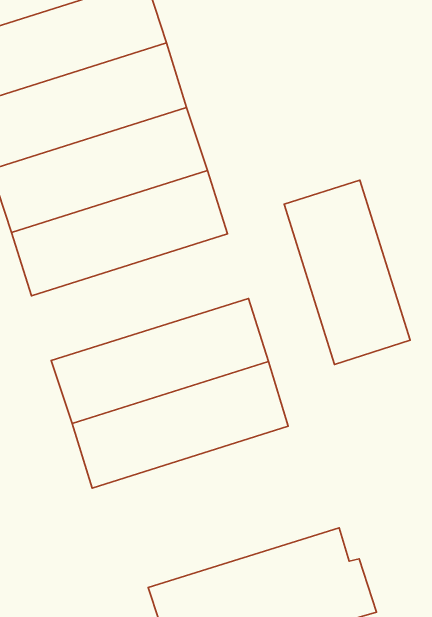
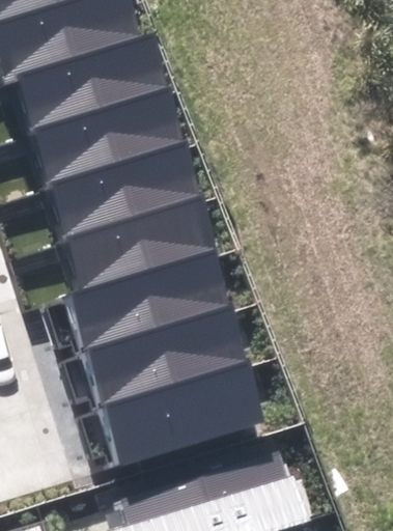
building: [284,180,410,364] -> none
building: none -> [37,205,219,311]
building: none -> [88,366,270,471]

